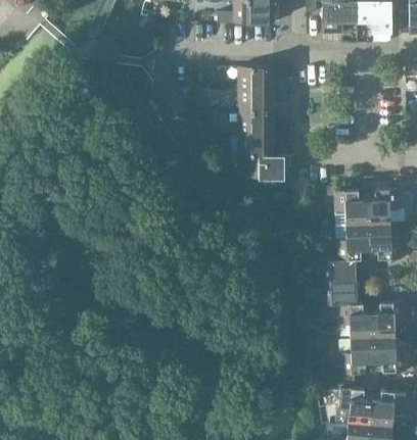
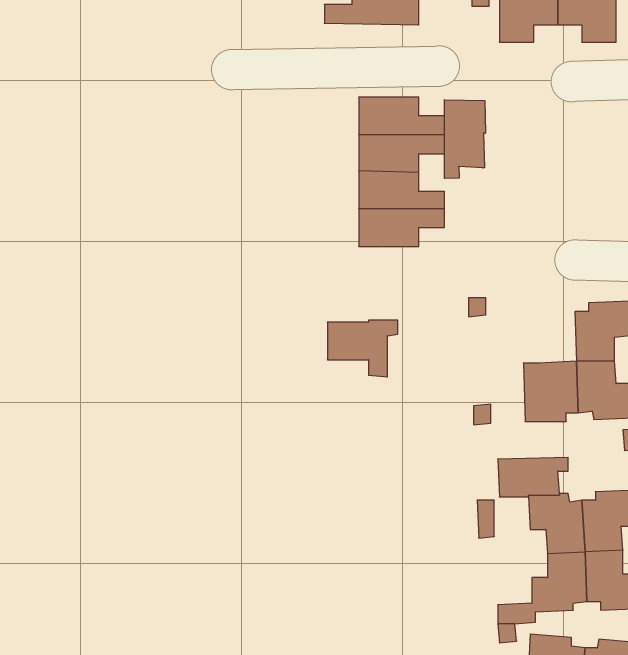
building: none -> [444,100,485,178]
building: [250,154,292,188] -> [327,320,398,377]
building: [335,189,369,225] -> none
building: [321,259,364,282] -> none

